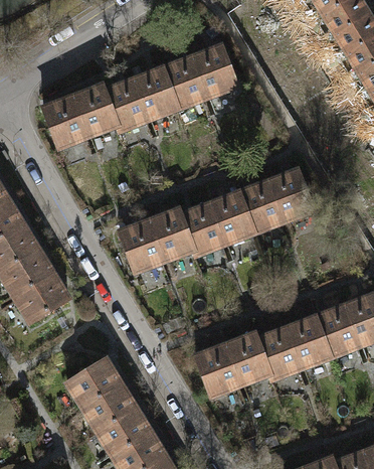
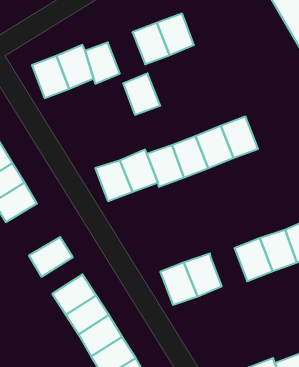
building: [135,69,179,119] -> [123,73,160,115]
building: [13,274,65,321] -> [29,237,73,277]
building: [257,327,301,377] -> none

